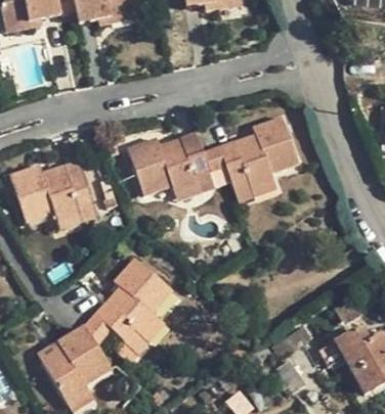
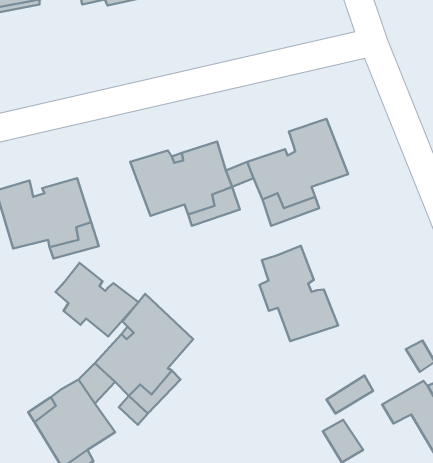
building: none -> [259,246,338,341]
building: none -> [56,263,138,337]

